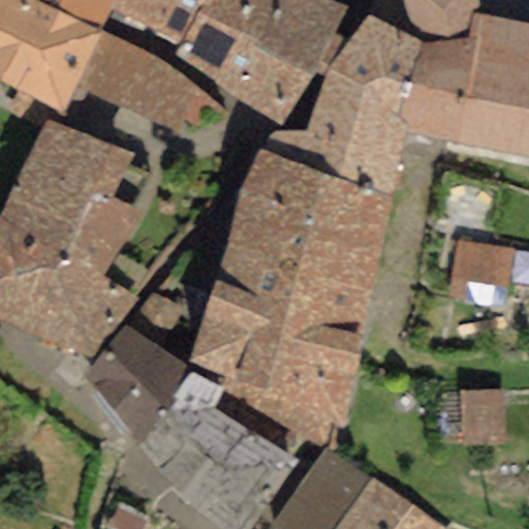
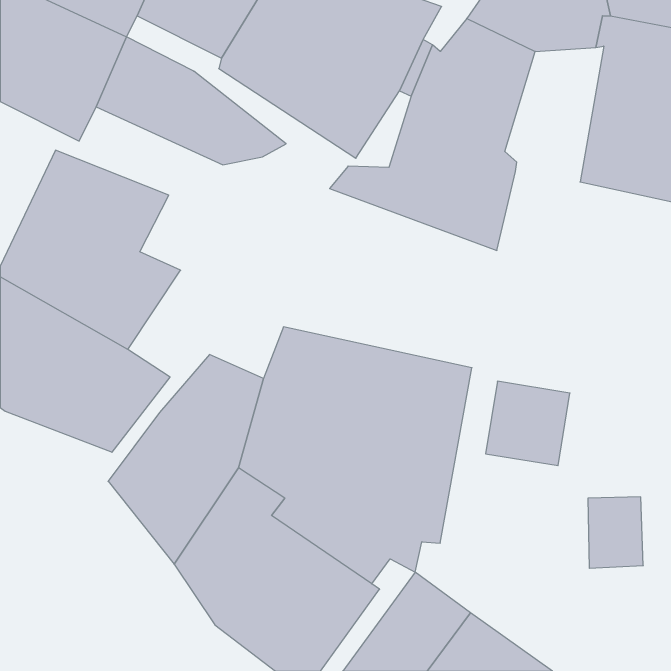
building: [398,36,475,143] -> none
building: [224,148,392,288] -> none
building: [448,240,515,306] -> [486,381,570,466]

